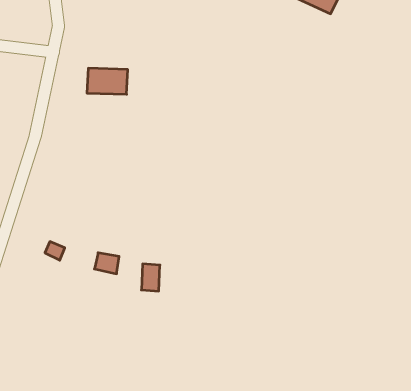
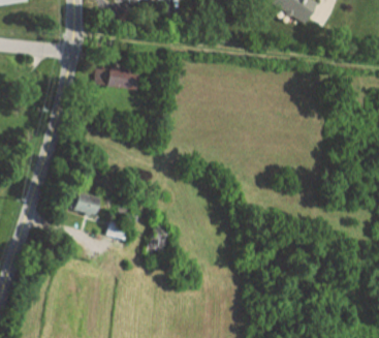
building: none -> [73,191,99,213]

